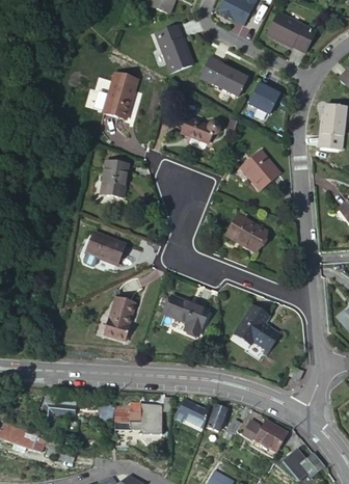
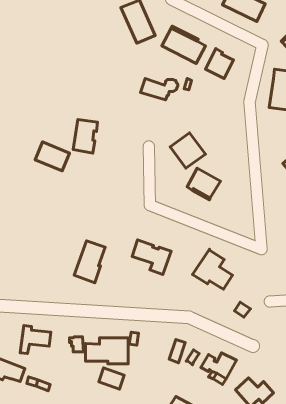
building: [104,73,138,118] -> none
building: [241,141,280,181] -> [170,133,205,168]
building: [86,232,125,264] -> [35,142,70,171]
building: [181,400,209,424] -> [99,368,124,389]

